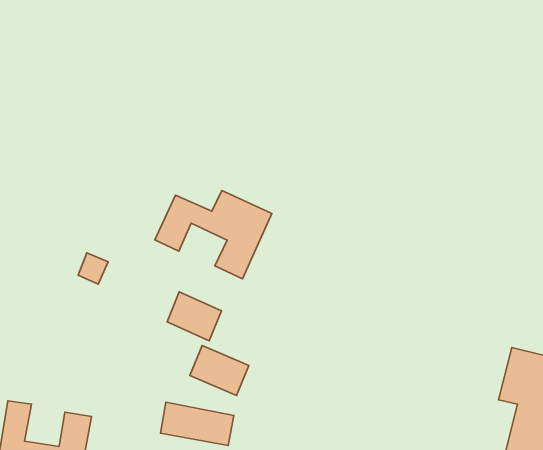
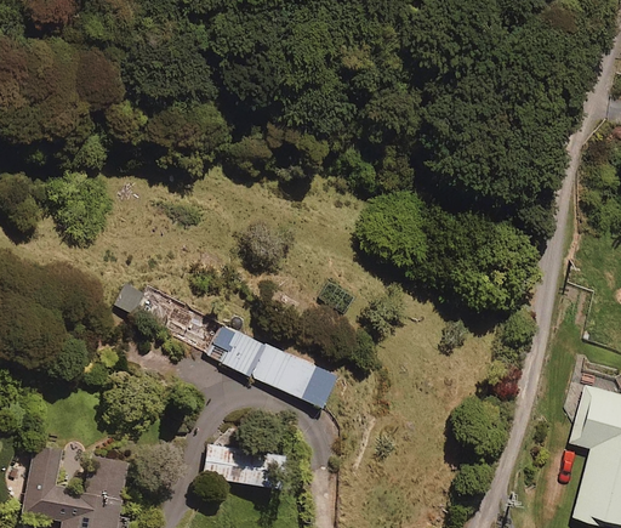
building: [155,190,272,279] -> none
building: [190,345,249,395] -> [255,346,319,401]

